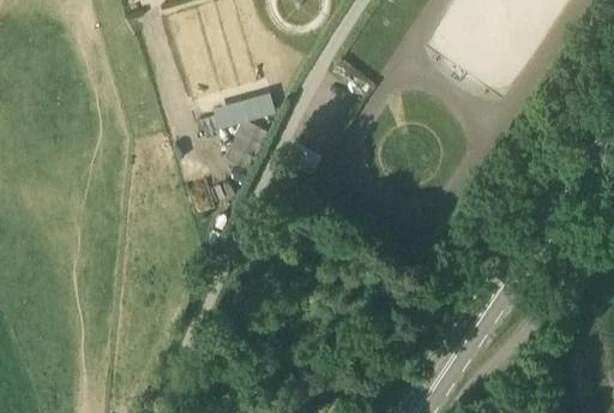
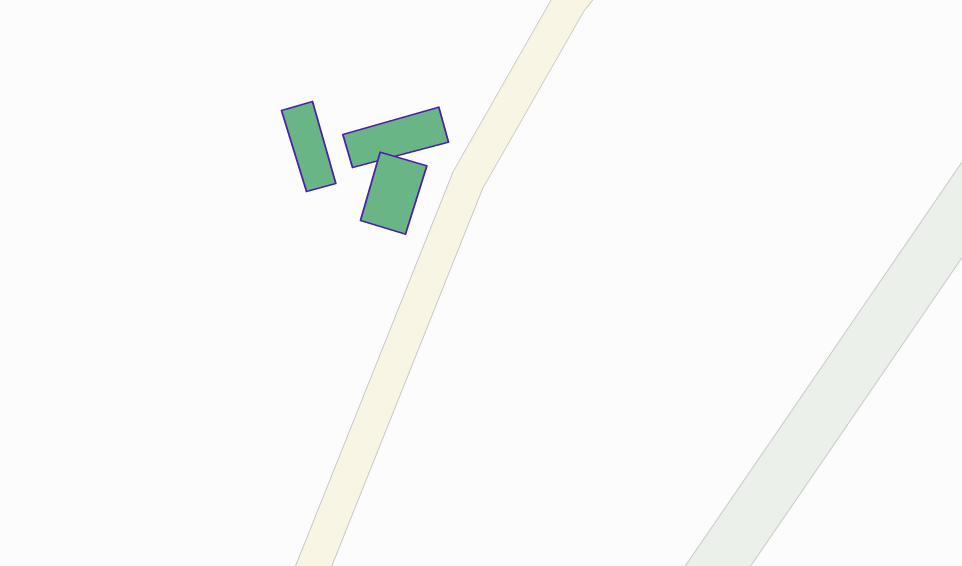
building: none -> [282,102,336,192]

